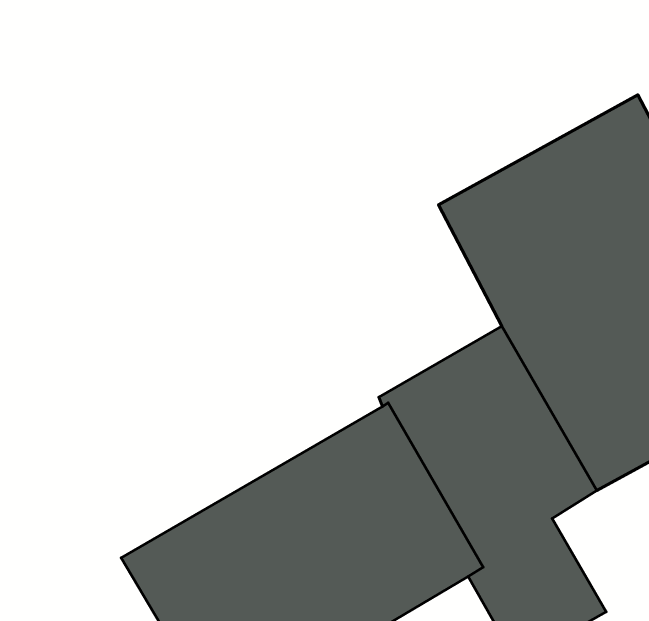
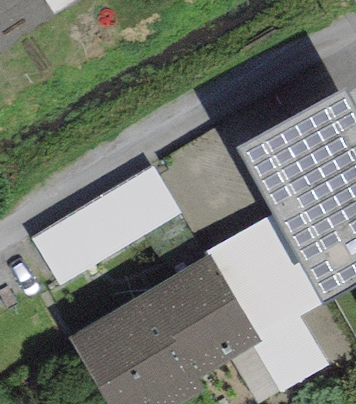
building: none -> [30,165,181,287]

